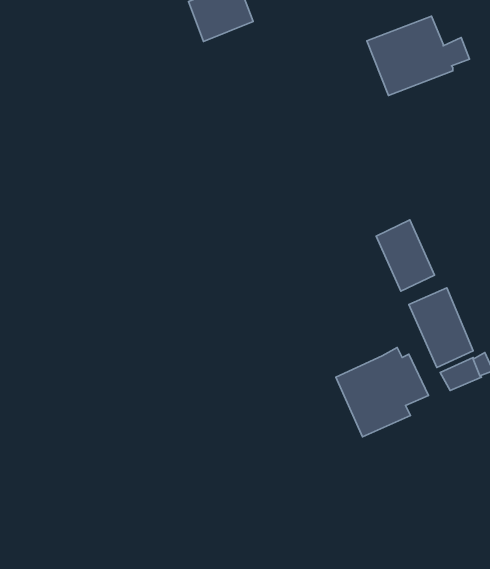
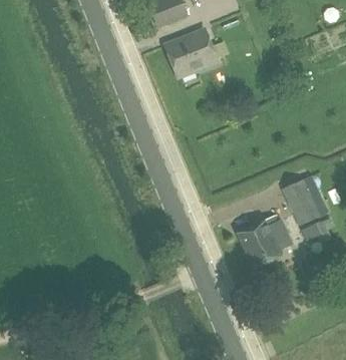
building: [367,16,470,96] -> [165,28,228,76]
building: [376,220,435,291] -> none

